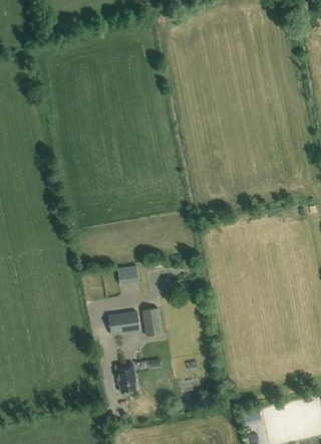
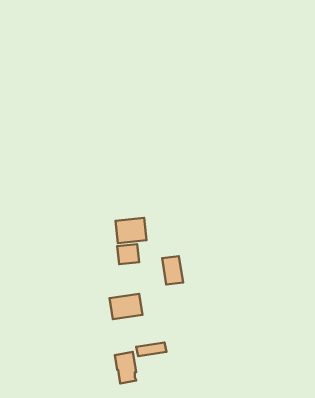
building: none -> [116,218,146,243]
building: [142,308,163,336] -> [162,256,183,285]

